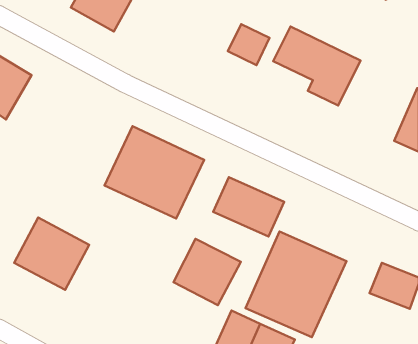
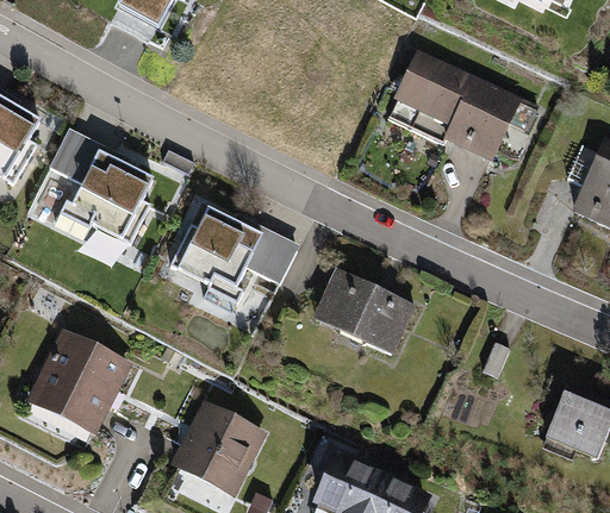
building: [228,24,270,65] -> none
building: none -> [30,132,161,262]
building: [245,231,346,337] -> none
building: [173,239,241,305] -> [172,406,269,502]

